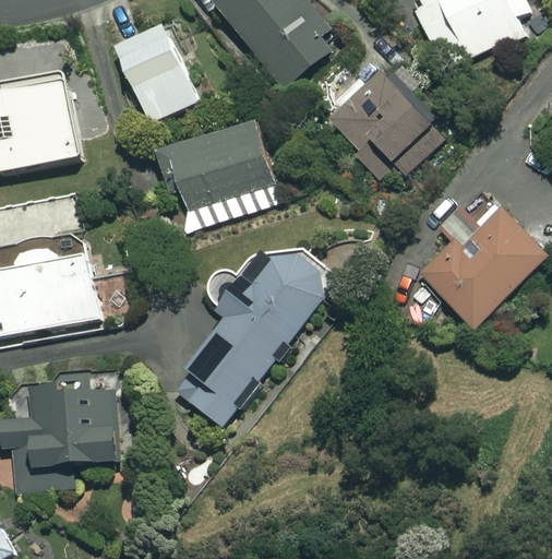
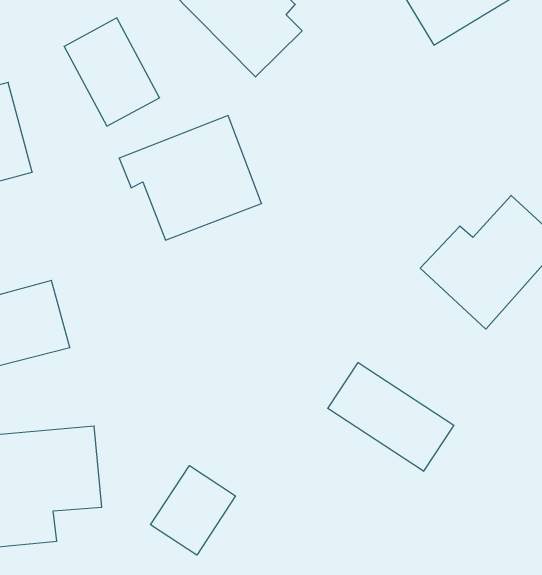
building: [332,69,441,187] -> none
building: [171,246,329,424] -> none
building: none -> [328,363,454,471]
building: none -> [151,466,235,555]

